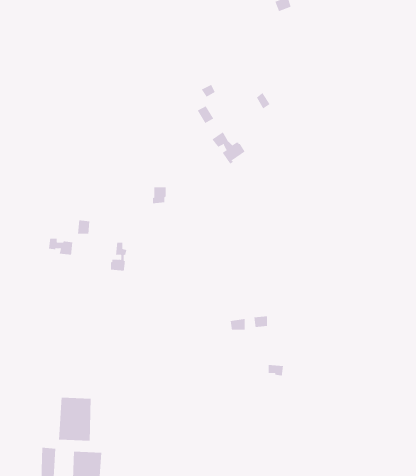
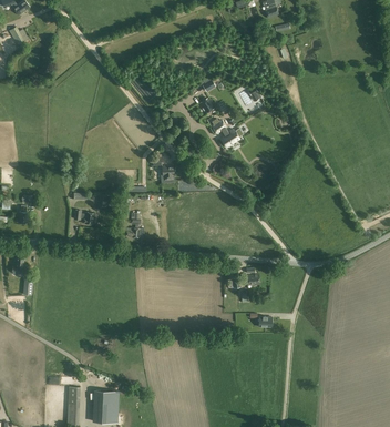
building: [59,397,91,442] -> none

